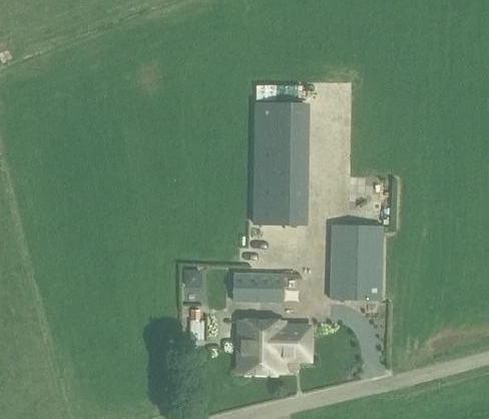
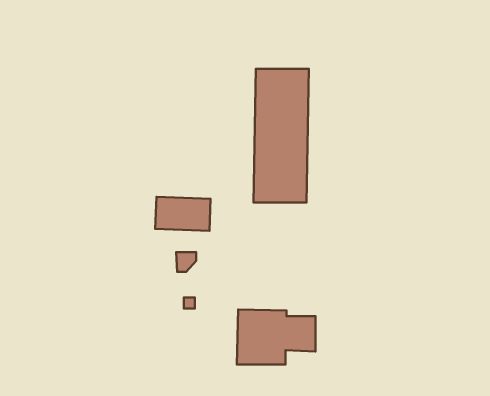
building: [332,225,384,300] -> none
building: [233,272,284,303] -> [155,197,211,231]

